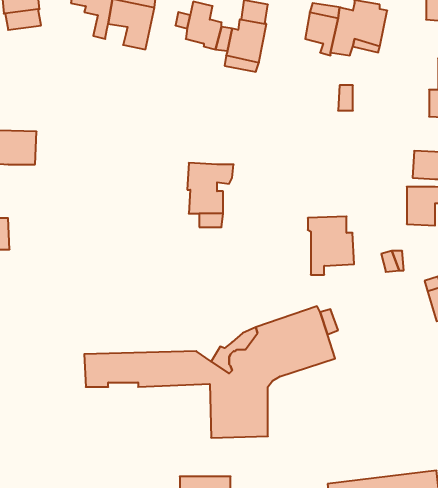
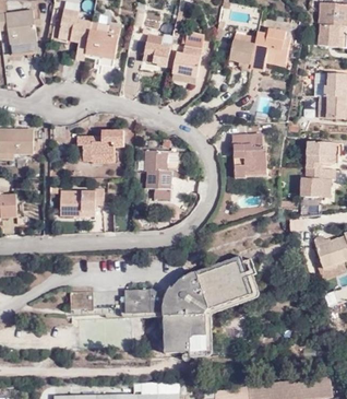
building: none -> [76,129,123,160]
building: none -> [60,187,101,213]
building: [308,216,354,275] -> [234,136,267,178]

